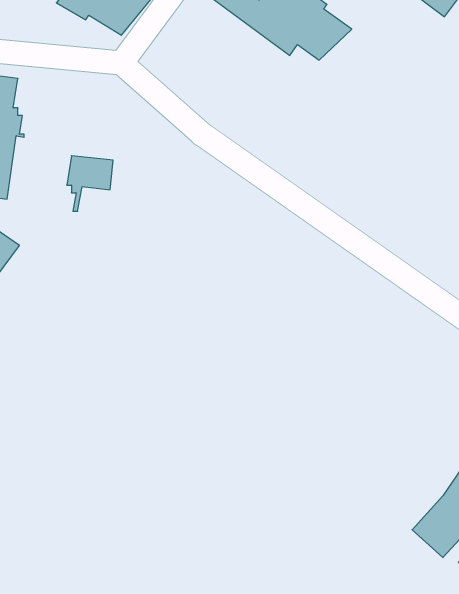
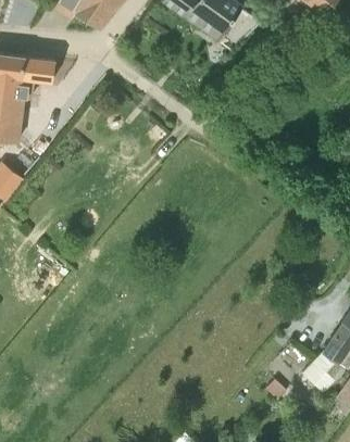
building: [67,156,113,211] -> [22,56,54,96]

